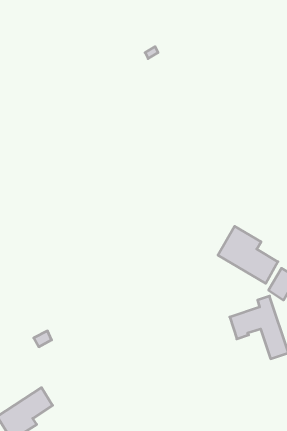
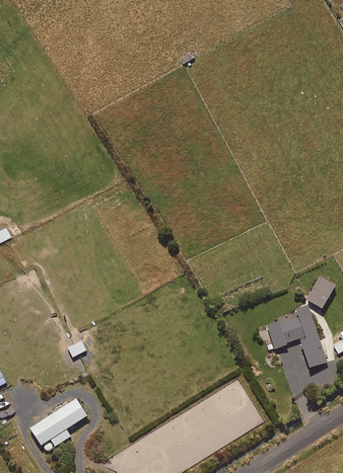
building: [218,226,278,283] -> none

